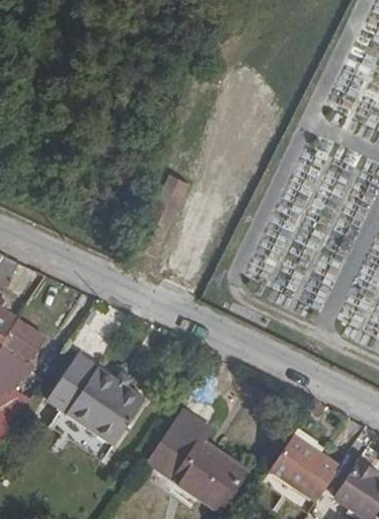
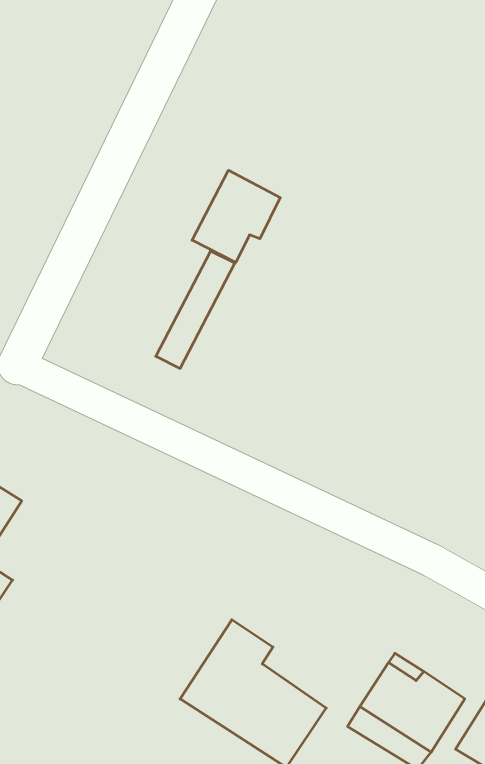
building: none -> [192,170,280,262]
building: [52,354,147,458] -> none

